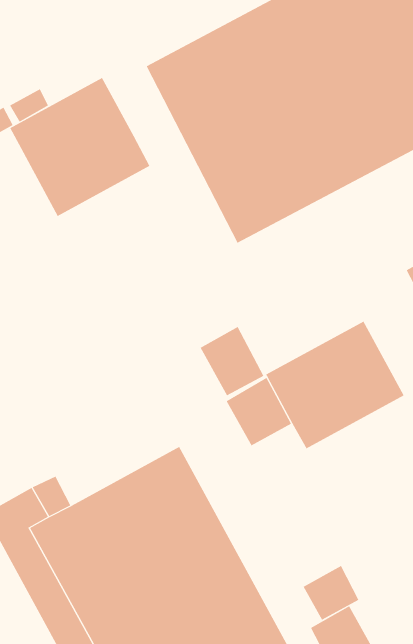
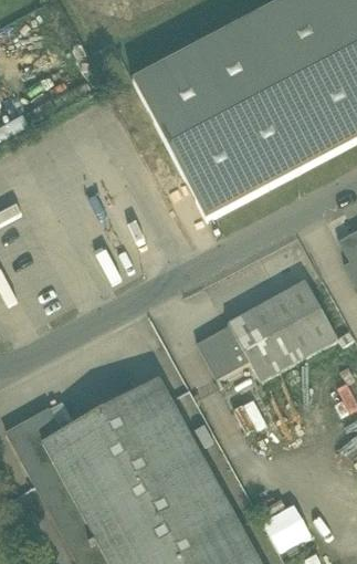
building: [9,77,150,217] -> none
building: [200,326,264,396] -> none
building: [303,565,359,621] -> none

